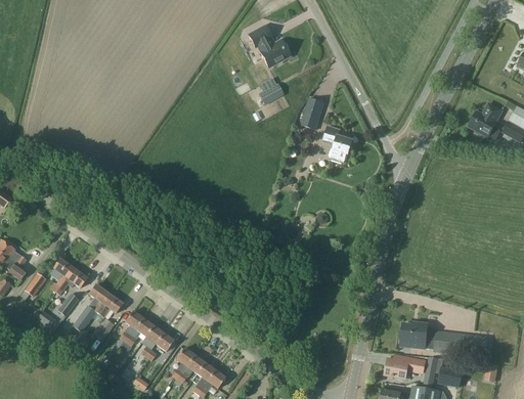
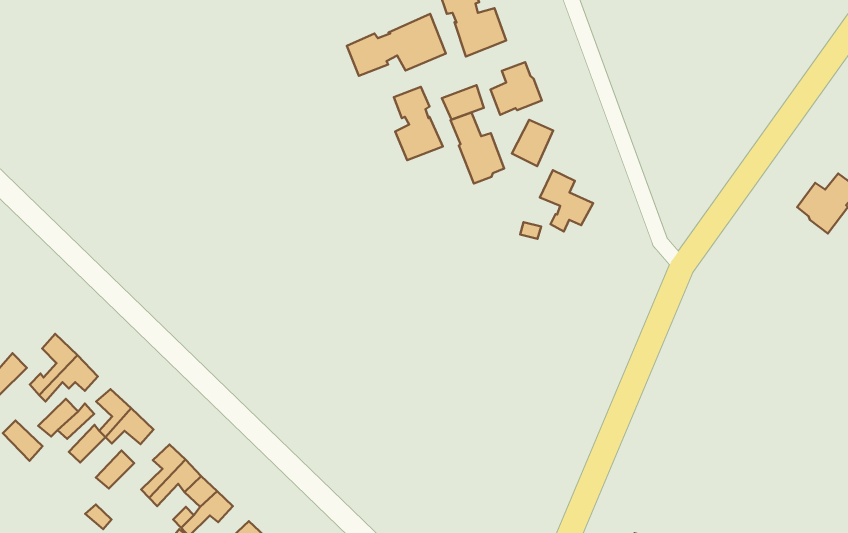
building: none -> [347,14,446,76]
building: none -> [491,62,542,115]
building: none -> [394,87,443,160]
building: none -> [451,112,504,184]

